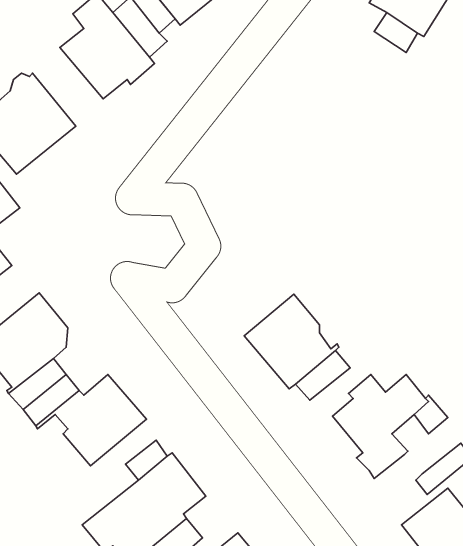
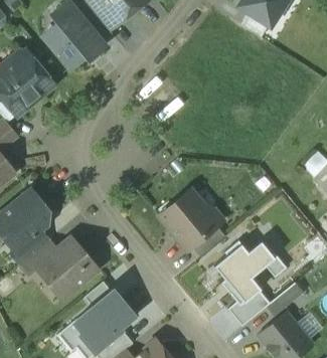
building: none -> [228,291,272,326]

